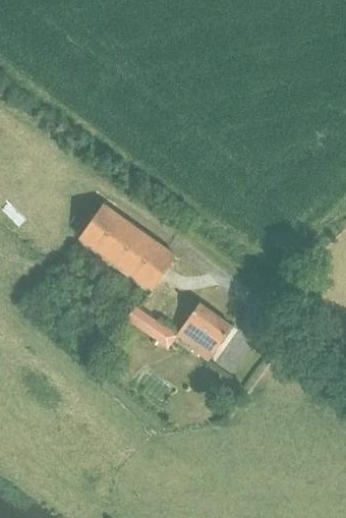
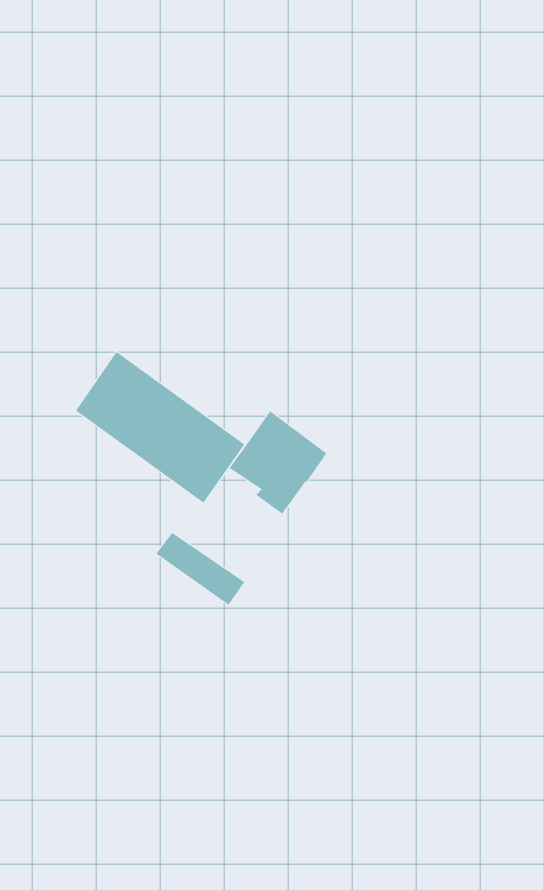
building: [174,301,230,360] -> [229,411,327,514]

